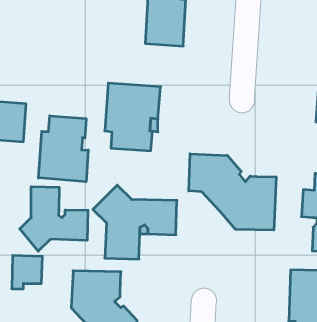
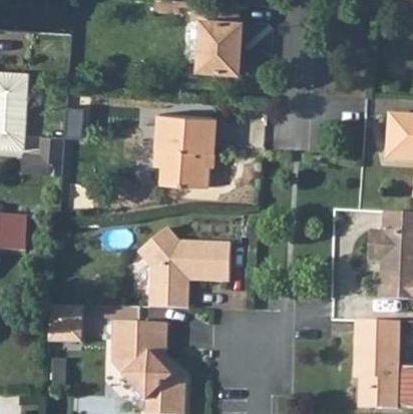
building: [38,116,88,182] -> none
building: [189,154,276,230] -> none
building: [20,187,88,251] -> none

